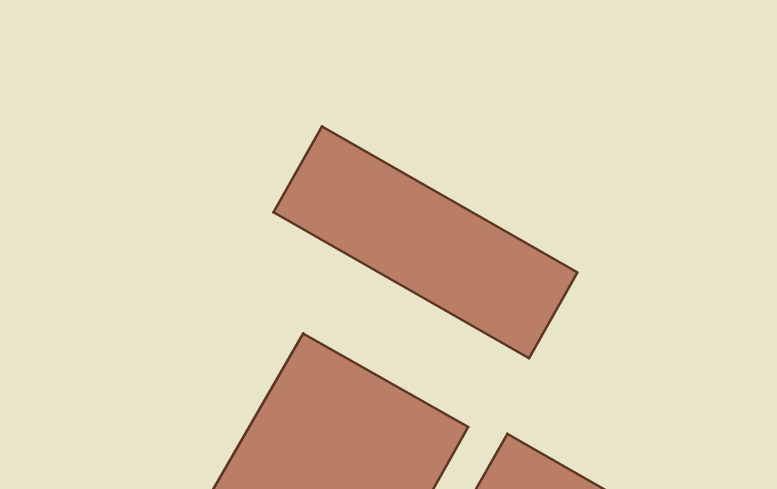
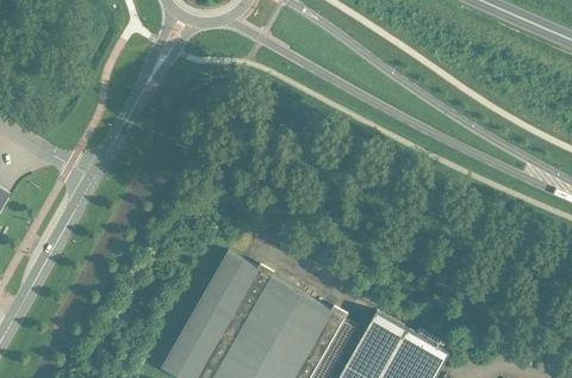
building: [273,126,577,358] -> none

